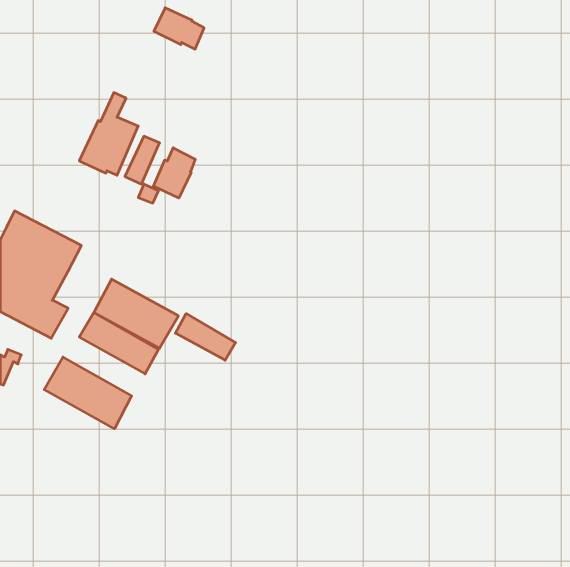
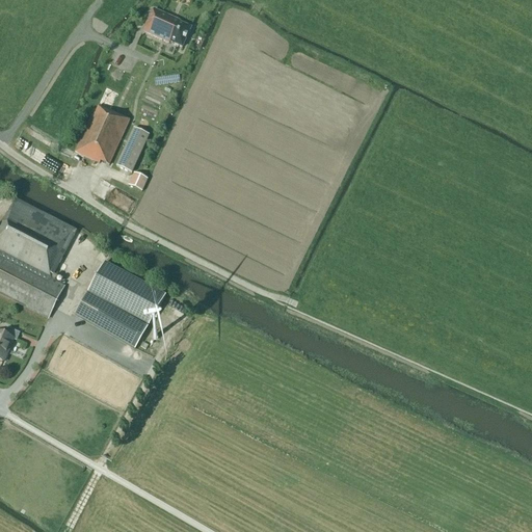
building: [153,148,195,198] -> none
building: [175,314,236,360] -> none
building: [44,357,132,429] -> none

